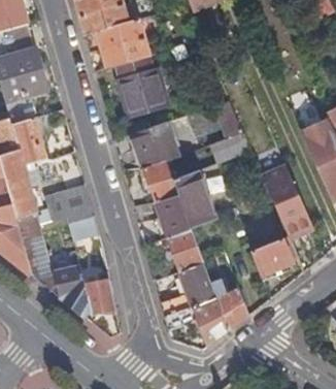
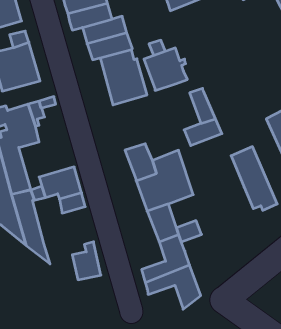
building: [130,121,178,168] -> [144,48,187,90]
building: [249,238,292,275] -> none
building: [52,252,90,317] -> none
building: [209,277,248,330] -> none

